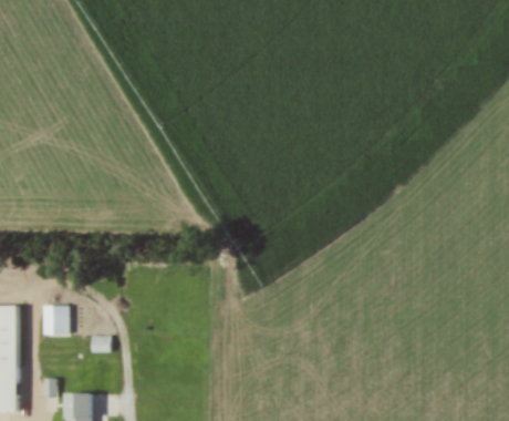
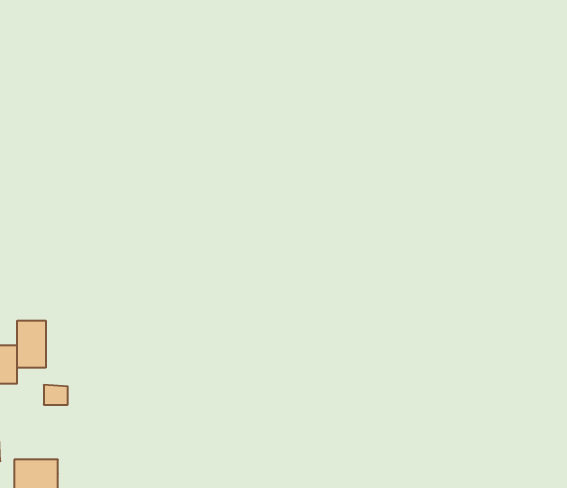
building: none -> [17,321,46,368]

